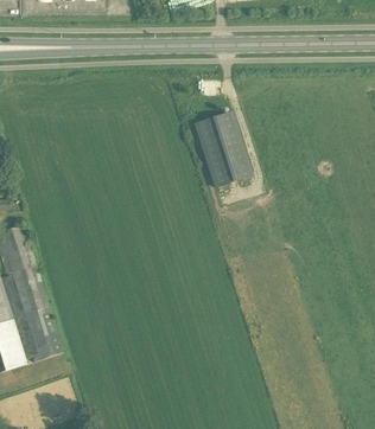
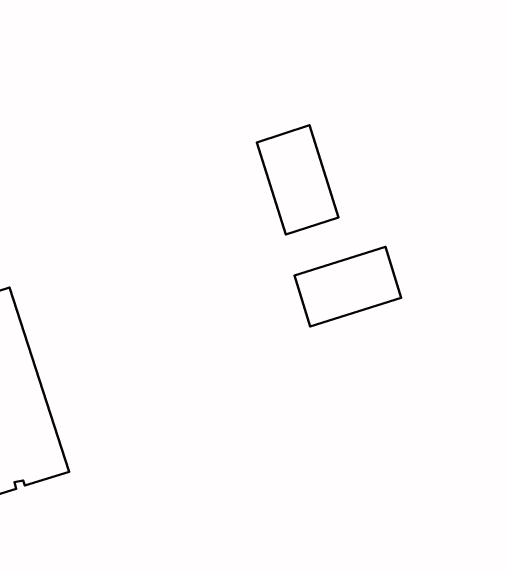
building: none -> [295,247,401,327]

